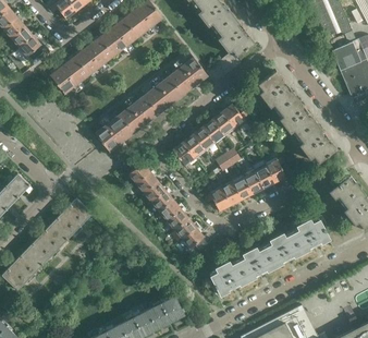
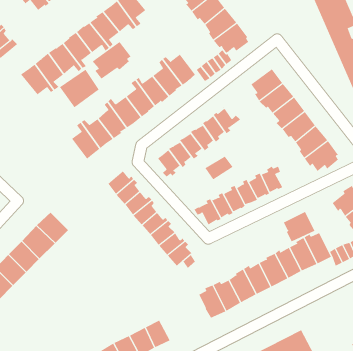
building: none -> [92,41,132,80]
building: none -> [59,69,100,108]
building: none -> [283,211,315,242]

